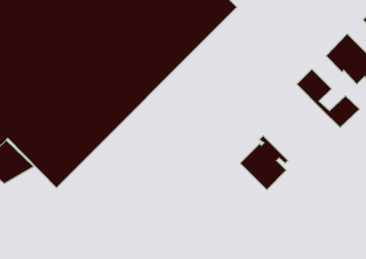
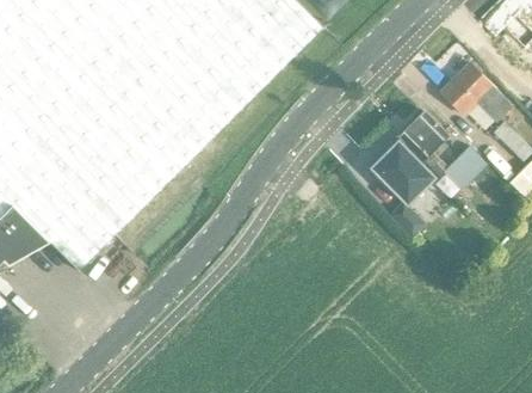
building: [240,136,288,190] -> [371,130,435,203]

